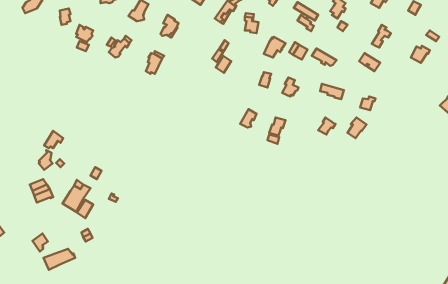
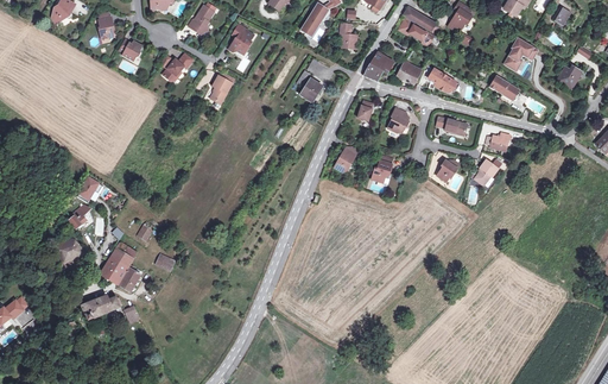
building: [44,249,75,270] -> [82,292,124,320]

